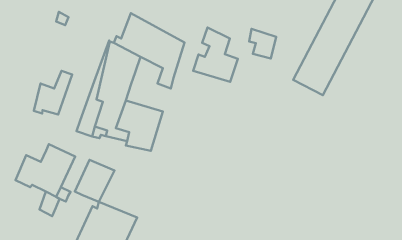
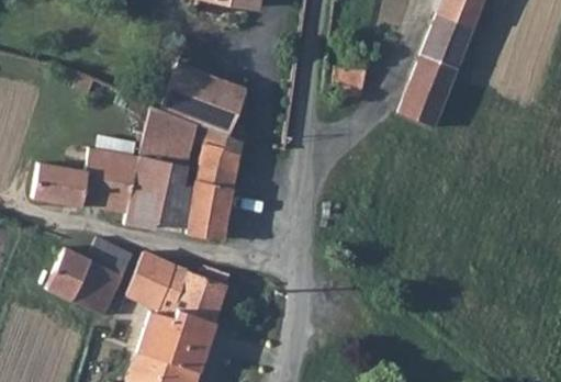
building: [193,27,238,82] -> [182,113,238,180]
building: none -> [97,146,138,204]
building: none -> [32,157,69,199]
building: none -> [162,263,227,321]

